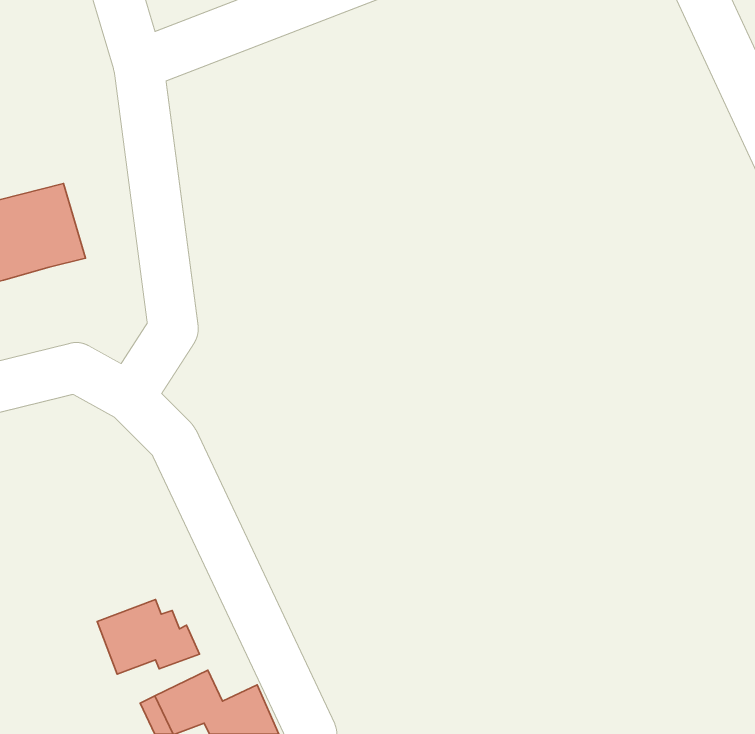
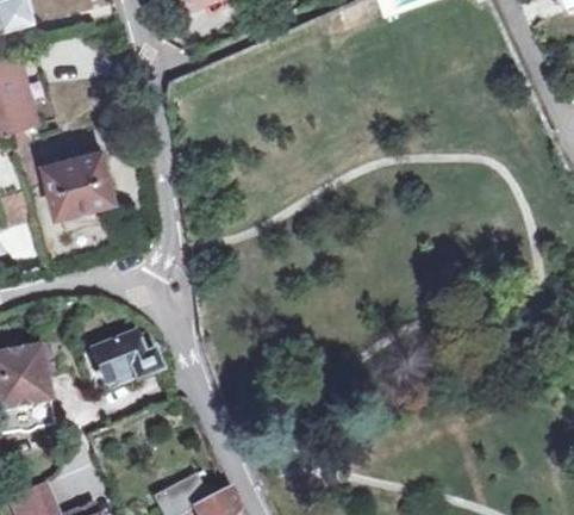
building: [97,600,199,674] -> [94,331,161,380]

